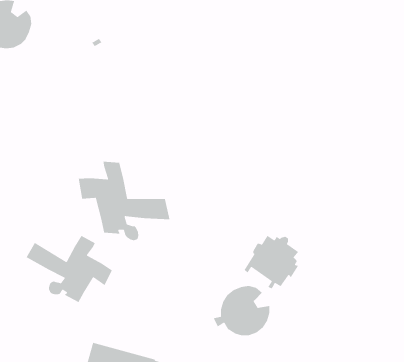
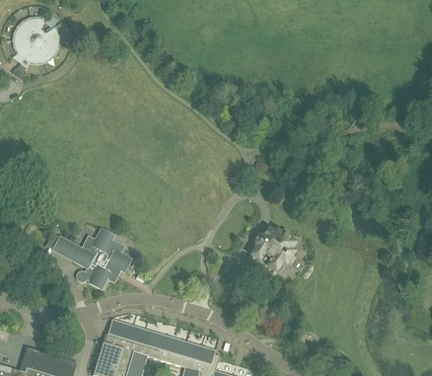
building: [78,161,170,241] -> none
building: [213,285,270,336] -> none

